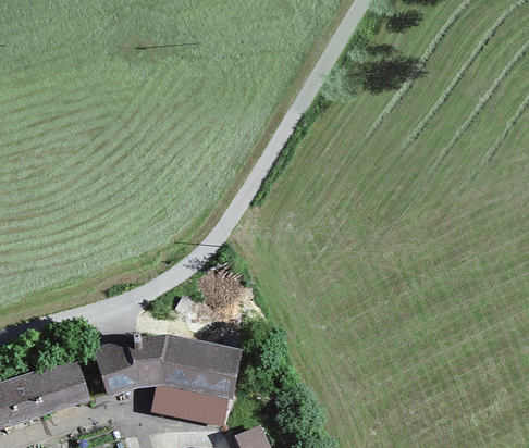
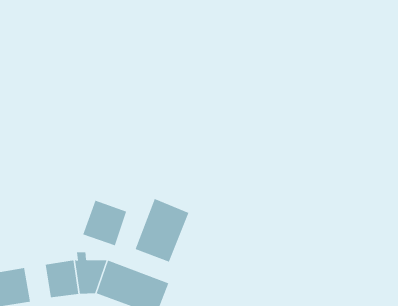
building: none -> [135,198,189,263]
building: none -> [83,200,127,246]

